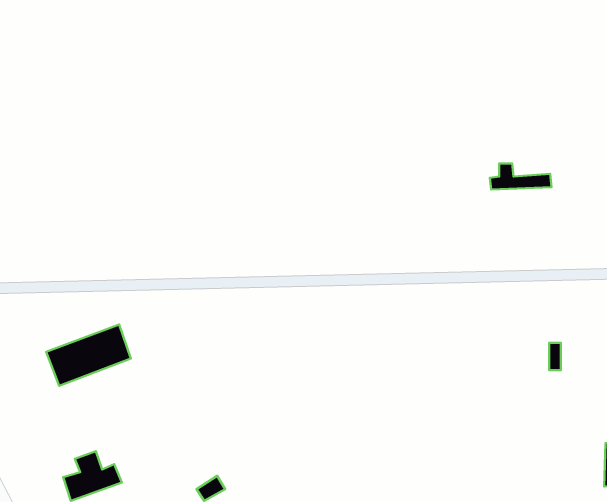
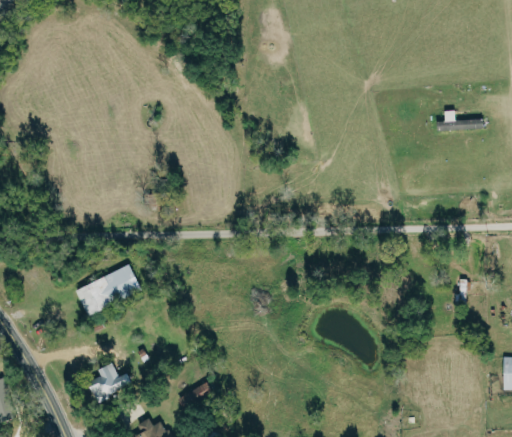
building: [490,164,551,190] -> [437,111,484,131]

